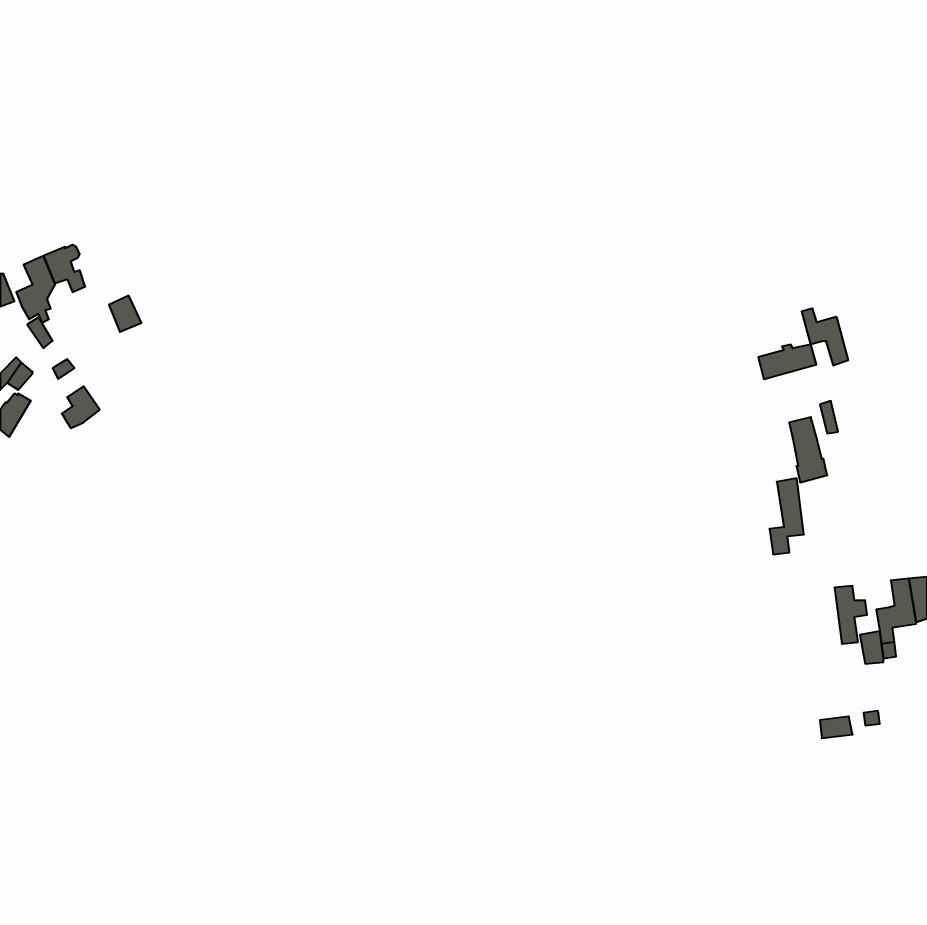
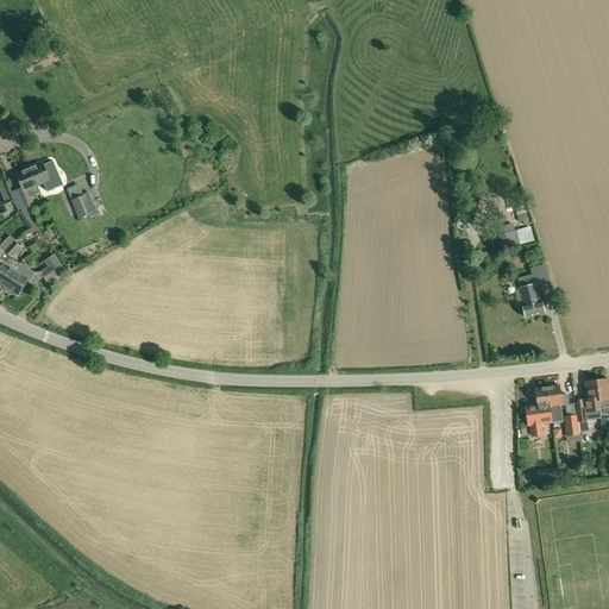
building: [802,308,848,366] -> none
building: none -> [6,263,44,294]
building: [769,478,804,554] -> [529,385,552,435]

